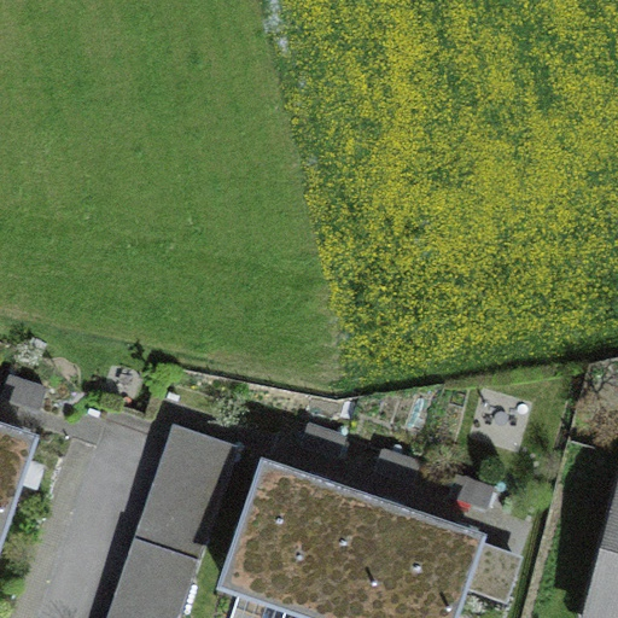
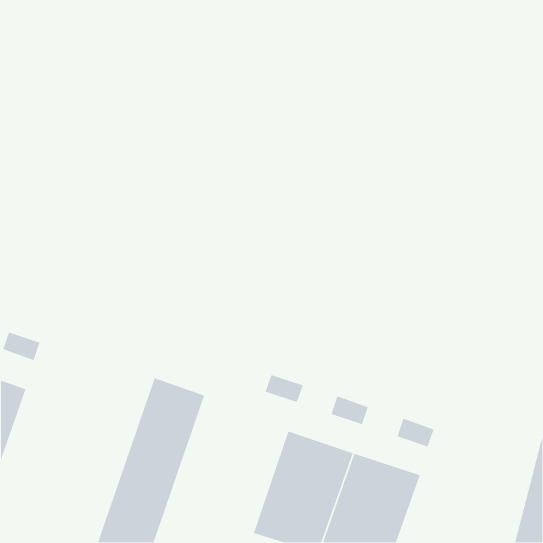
building: [226,468,327,606] -> none

